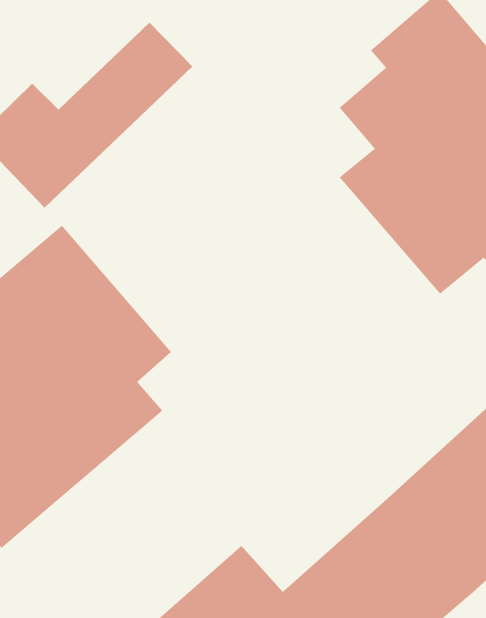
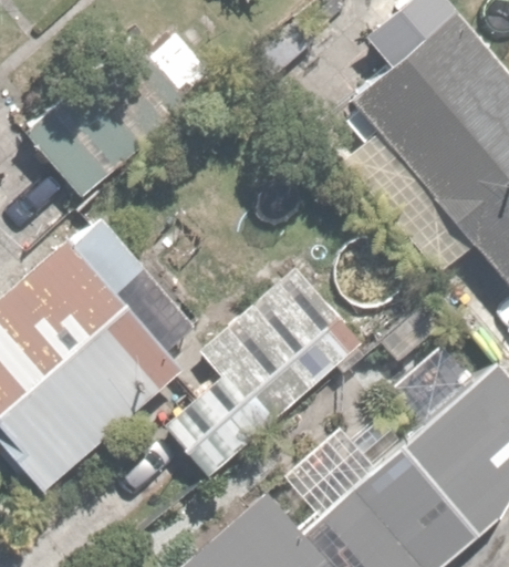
building: none -> [163,275,347,474]

